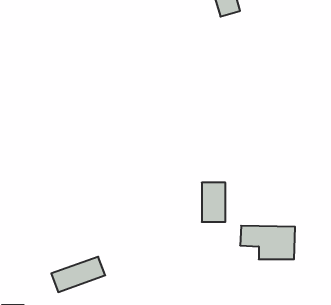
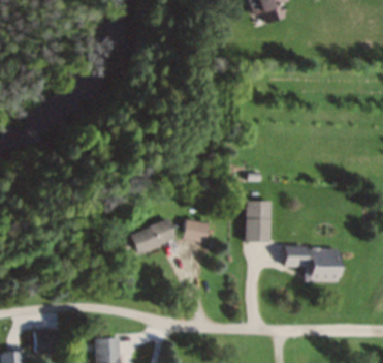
building: none -> [184,220,211,243]
building: [51,257,105,292] -> [120,219,177,256]

